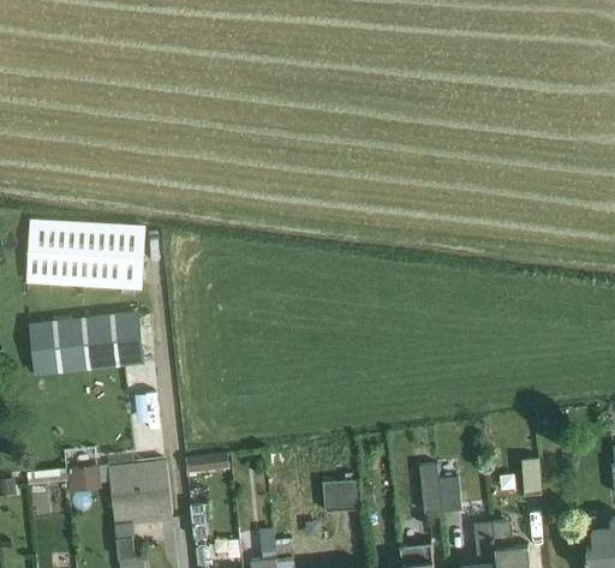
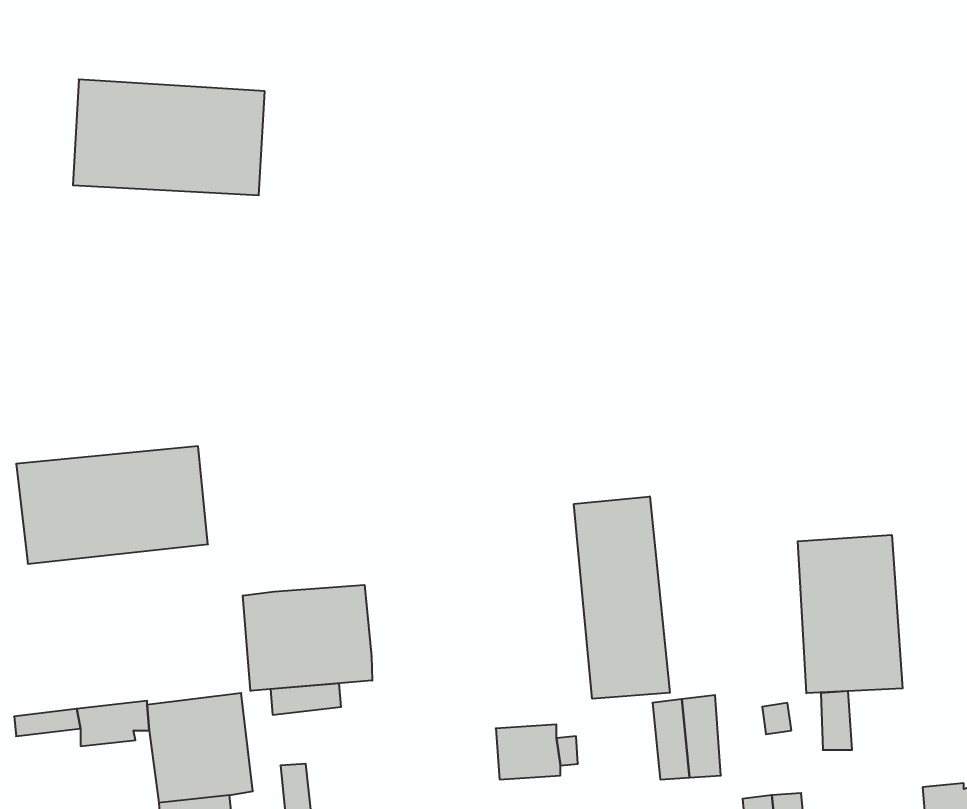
building: [25,220,143,291] -> [73,79,265,195]
building: none -> [574,496,670,699]
building: none -> [798,535,903,693]
building: none -> [243,585,372,691]

